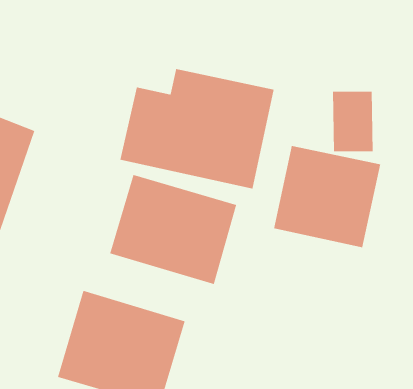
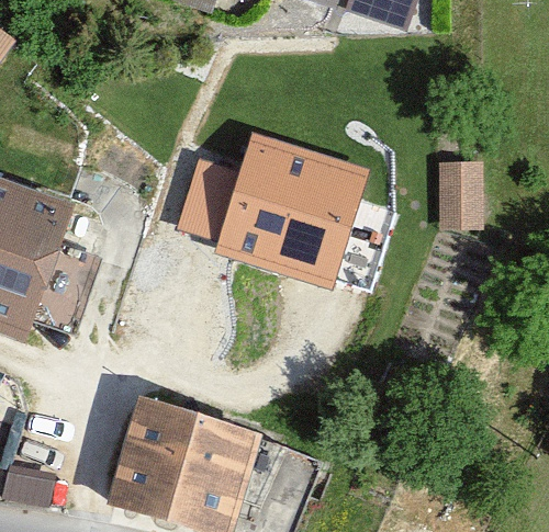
building: [274,145,381,248] -> none
building: [110,174,237,285] -> none

